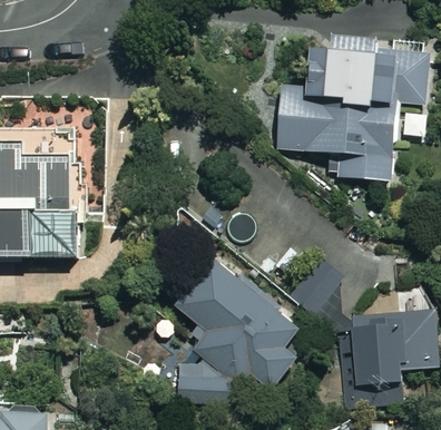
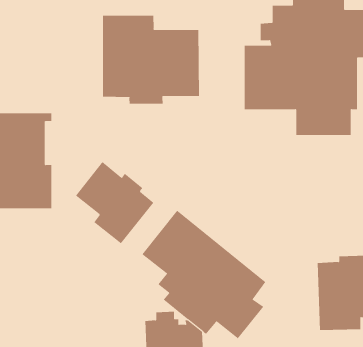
building: none -> [103,15,200,105]
building: none -> [75,161,154,244]

